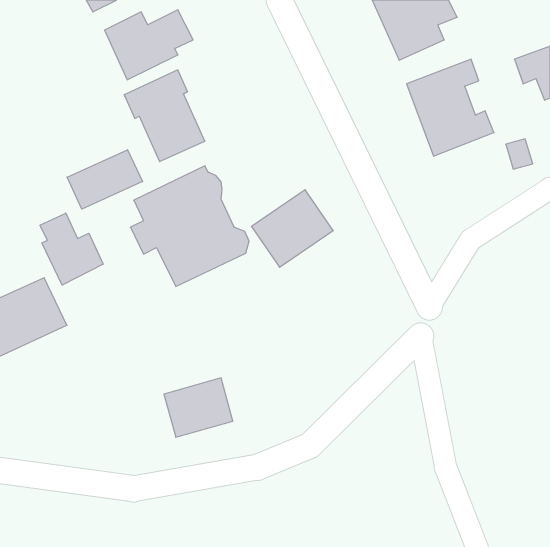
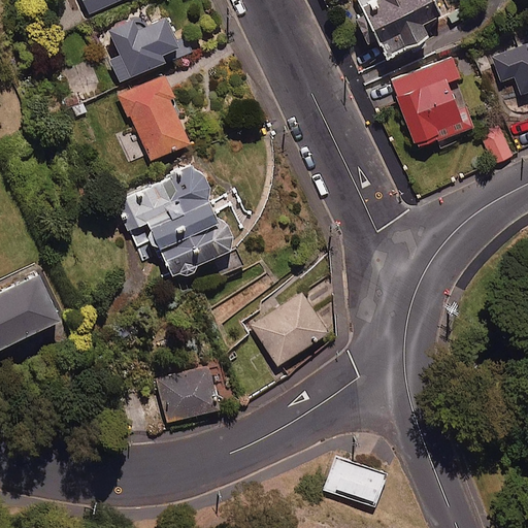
building: [67,150,143,209] -> none
building: [251,190,333,267] -> [252,291,330,365]
building: [40,213,103,285] -> none
building: none -> [324,456,389,507]

